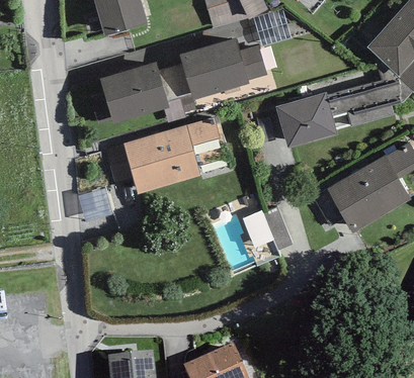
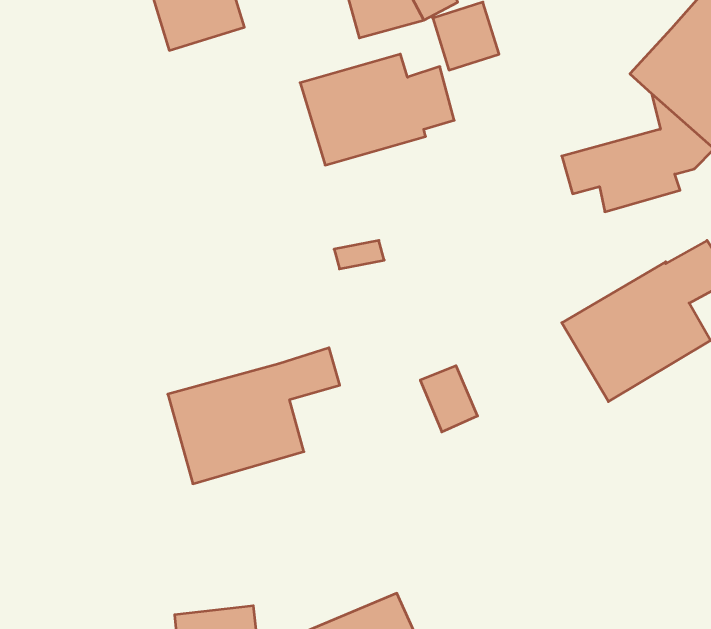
building: [99,62,168,123] -> none
building: [275,91,337,148] -> none
building: [122,116,220,193] -> [168,348,340,484]

